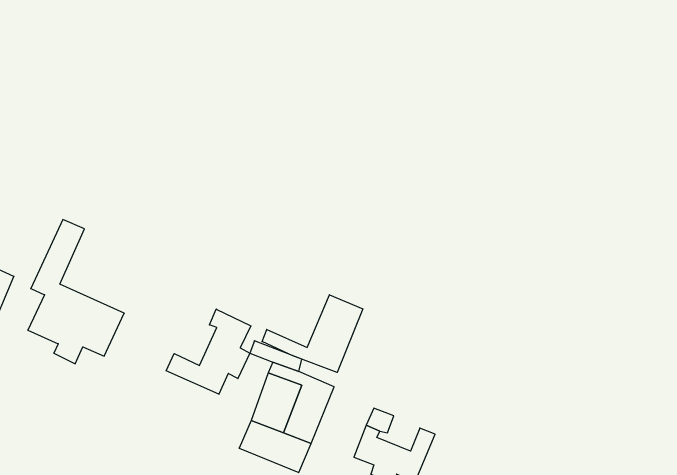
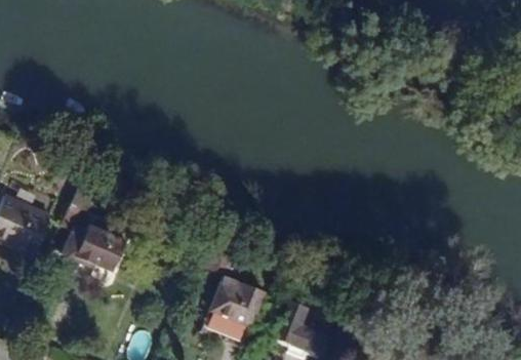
building: [262,295,363,372] -> none
building: [166,309,251,394] -> none

